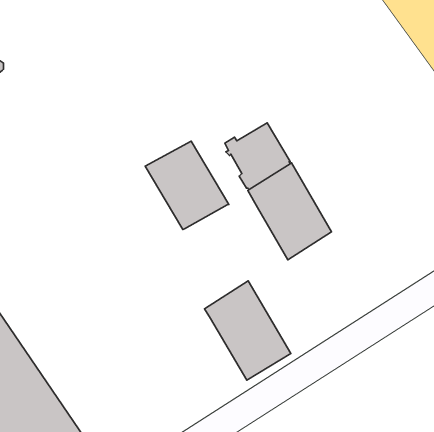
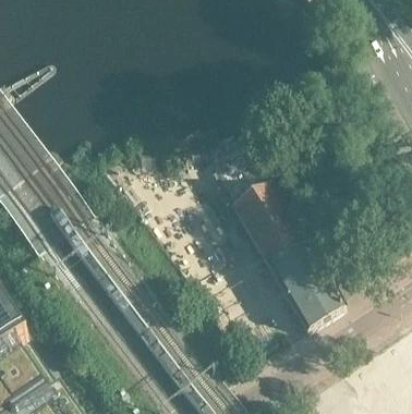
building: [145,141,229,229] -> none
building: [204,281,291,380] -> [265,232,342,321]

